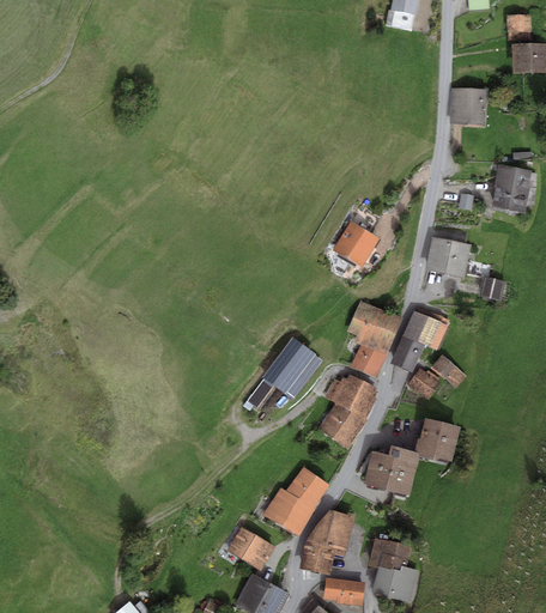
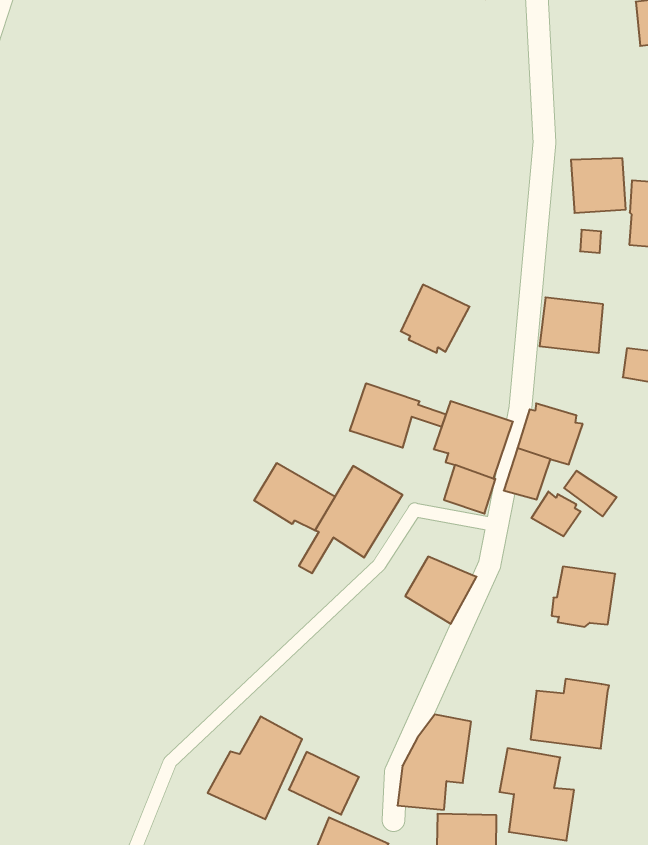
building: [450,86,486,123] -> [571,158,626,213]
building: none -> [350,383,446,448]
building: none -> [254,463,335,531]
building: [324,374,377,418] -> none
building: [364,444,420,493] -> [531,679,609,749]
building: [262,466,329,535] -> [208,716,302,819]

